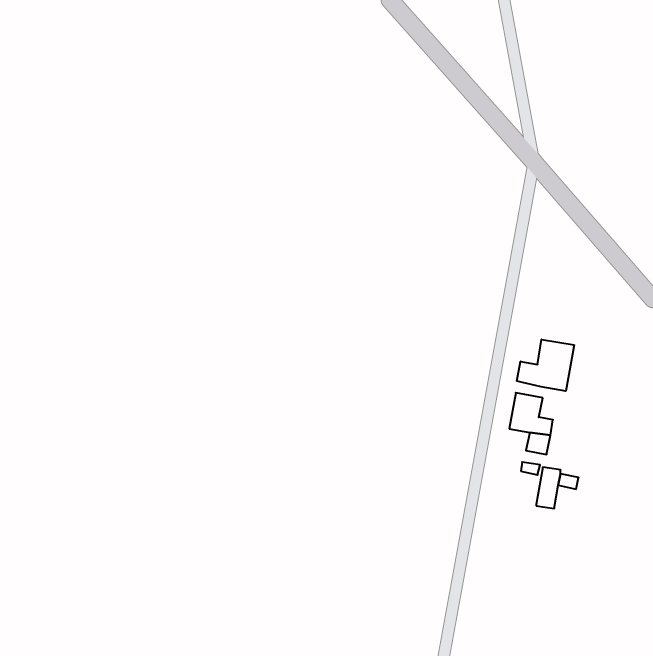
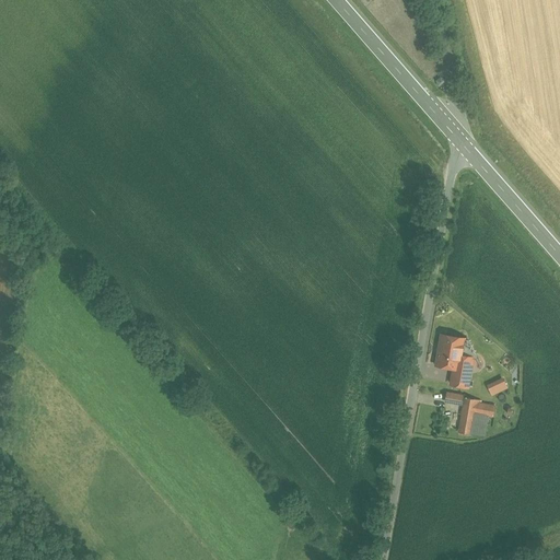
building: [517,339,574,391] -> none

